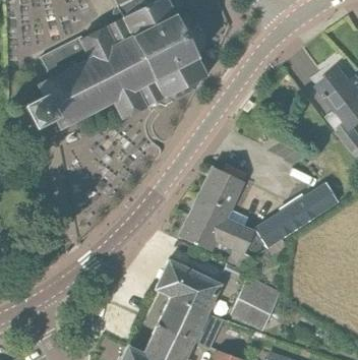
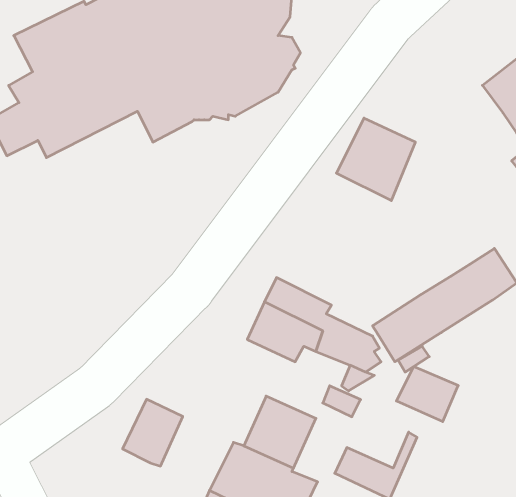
building: [195,167,242,216] -> [336,118,415,201]
building: [154,259,189,299] -> [123,399,183,466]
building: [237,280,274,312] -> [396,367,458,422]

